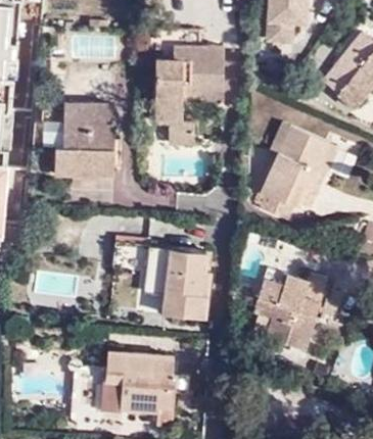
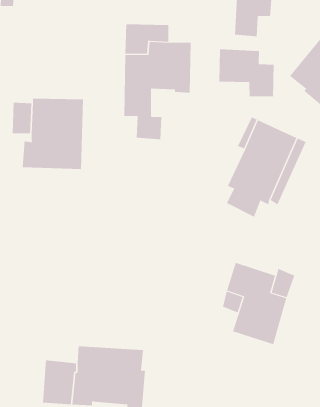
building: none -> [219,48,274,97]
building: [116,237,211,318] -> none

